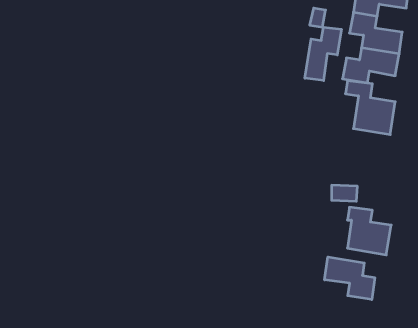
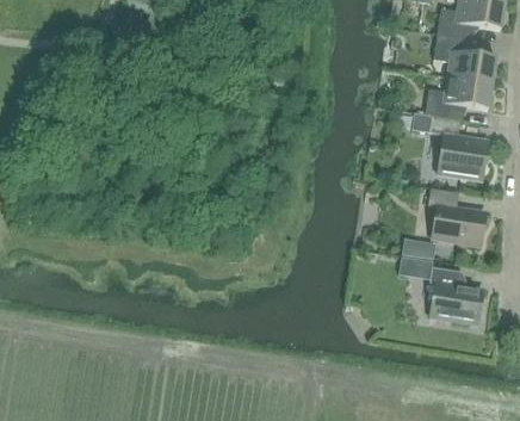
building: [305,27,341,81] -> none
building: none -> [428,186,485,244]
building: [325,257,375,300] -> none

